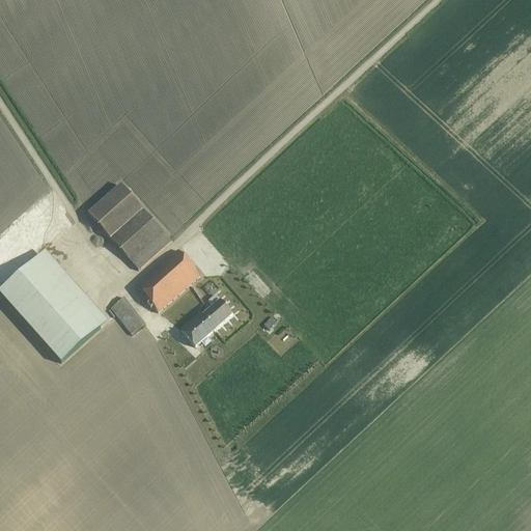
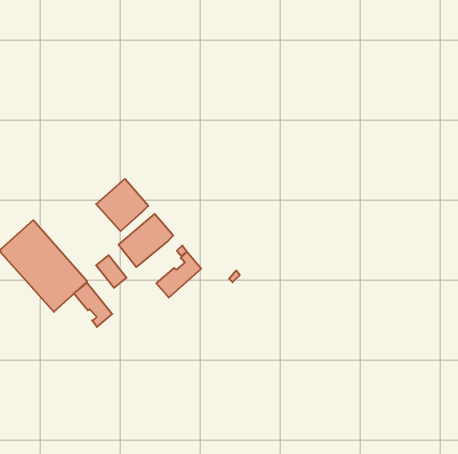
building: [89,180,145,235] -> none
building: none -> [74,283,112,327]

